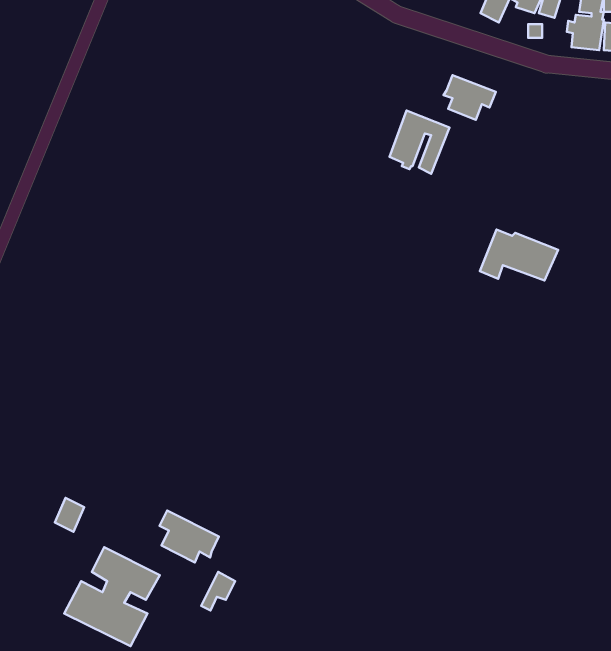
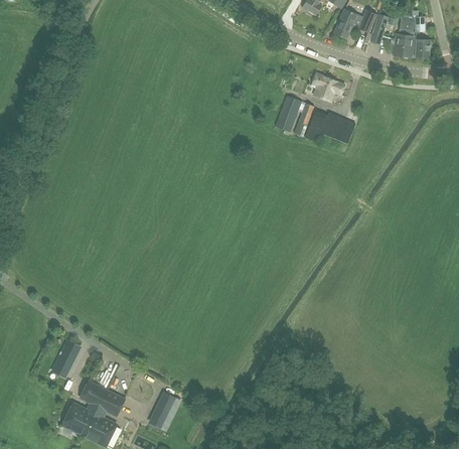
building: [480,230,558,281] -> [305,110,356,143]
building: [160,511,219,562] -> none

